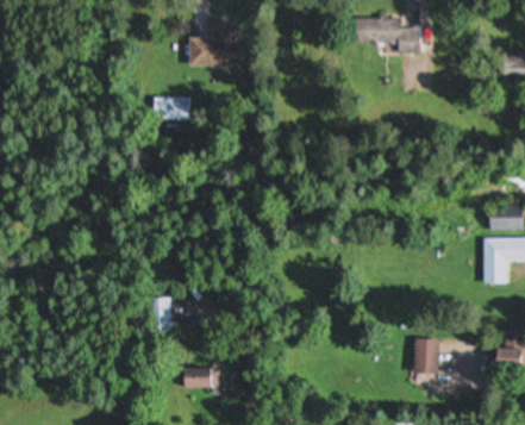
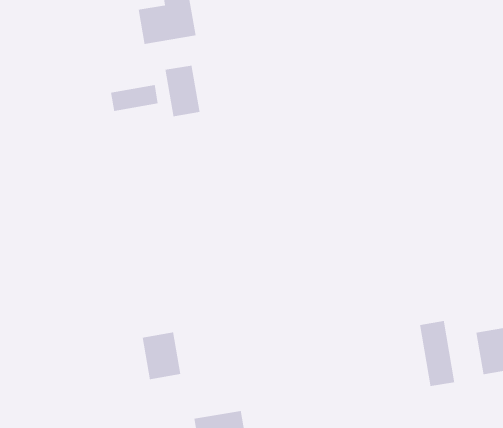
building: none -> [165,65,200,117]
building: none -> [419,320,455,387]

